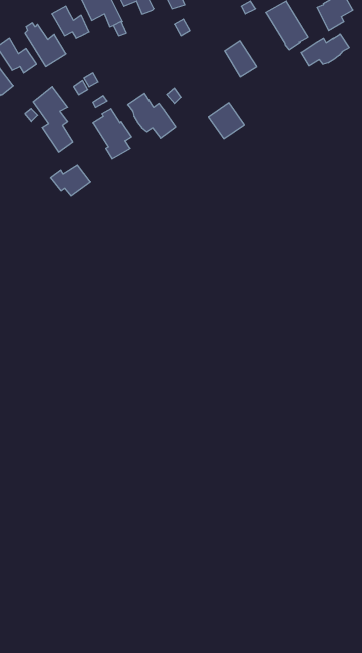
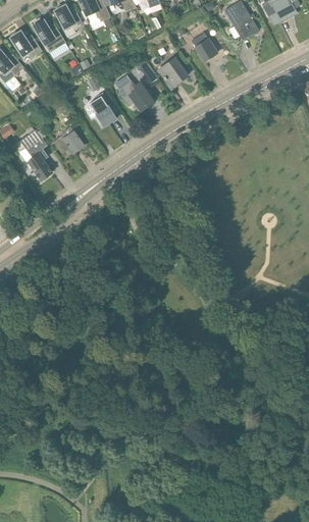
building: [301,34,349,66] -> none
building: [33,87,73,152] -> [20,128,52,180]
building: [209,103,244,139] -> [159,58,188,87]

